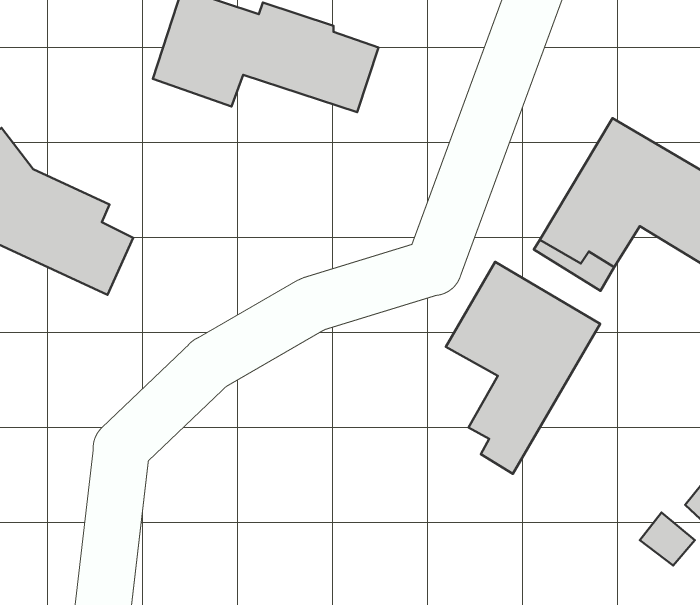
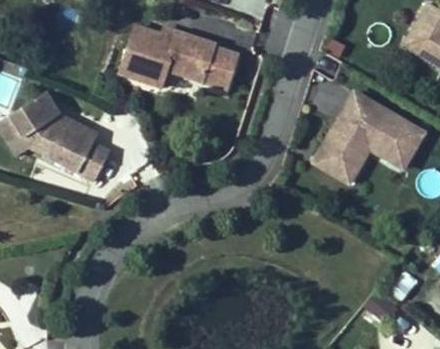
building: [446,262,600,474] -> none

